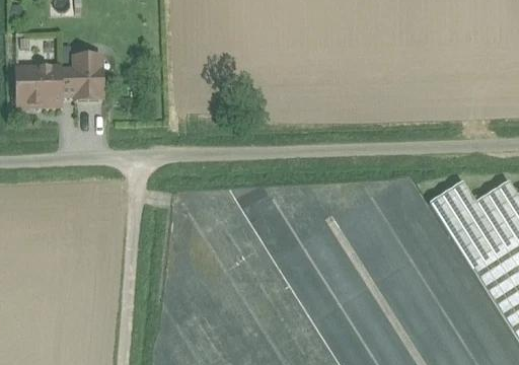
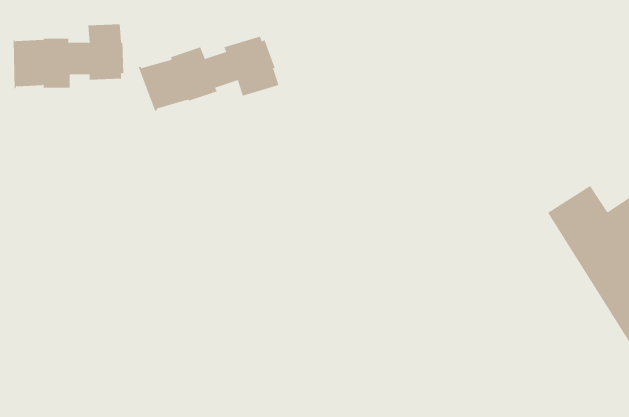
building: none -> [138,36,279,111]

